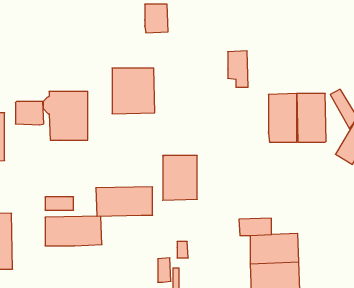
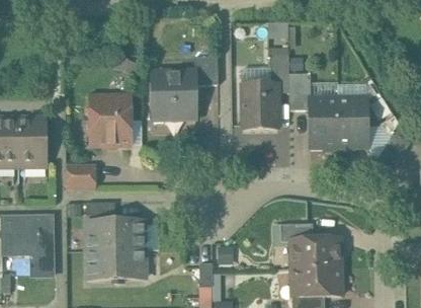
building: [145,4,168,33] -> [194,56,218,84]
building: none -> [288,72,310,108]
building: [15,102,44,125] -> [66,164,94,187]
building: [163,156,197,200] -> [242,83,276,128]
building: [96,187,153,216] -> [86,248,143,278]

